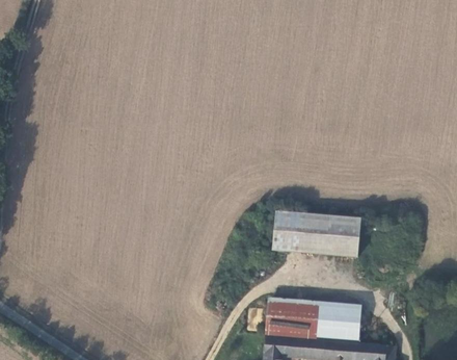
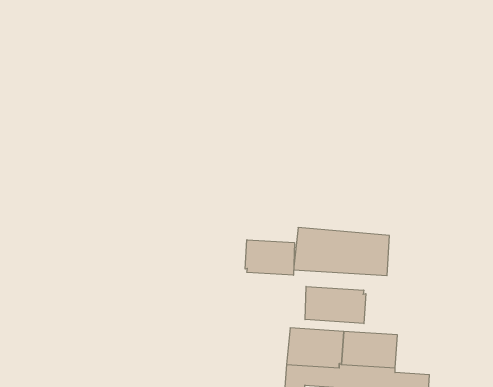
building: none -> [245,240,294,275]
building: none -> [305,286,366,324]

